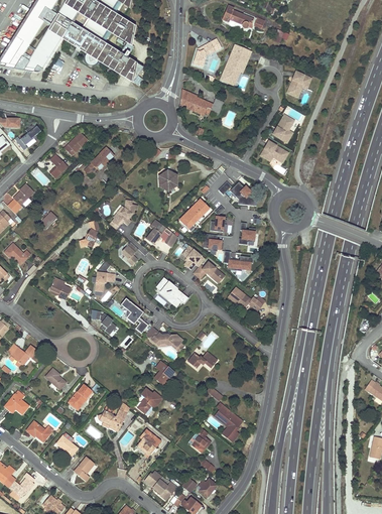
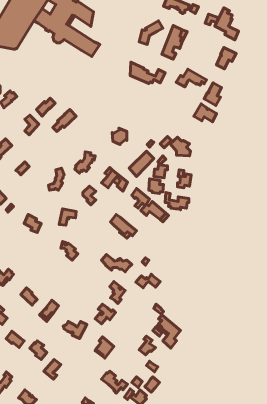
building: none -> [215,8,238,40]
building: none -> [176,69,206,87]
building: [228,286,263,310] -> none
building: [120,297,147,333] -> none

